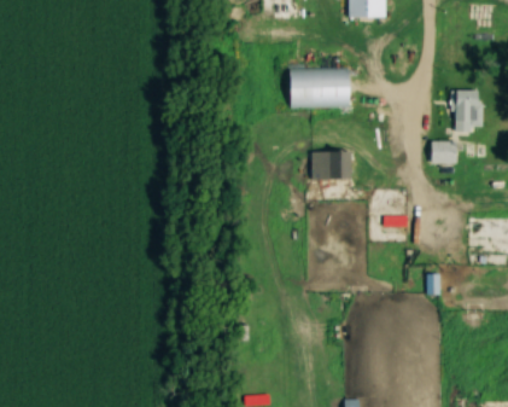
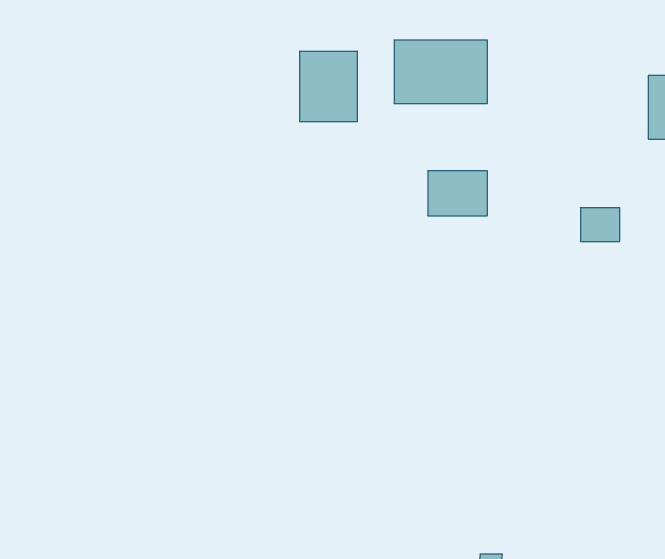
building: none -> [300,51,357,122]
building: [431,141,456,163] -> [580,208,620,241]

